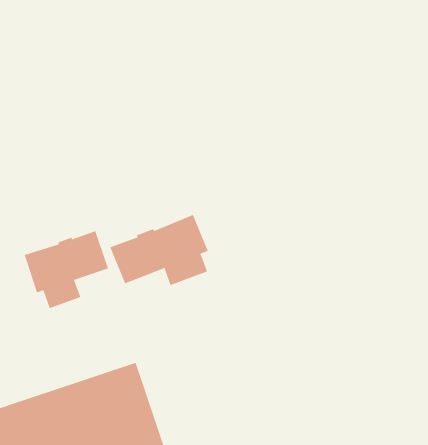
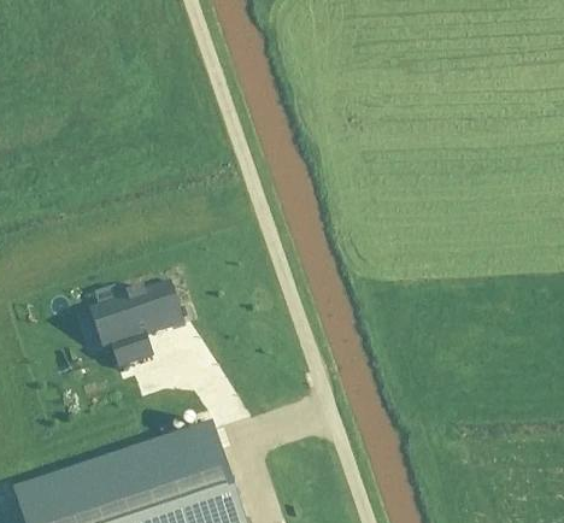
building: [110,214,208,286] -> none

